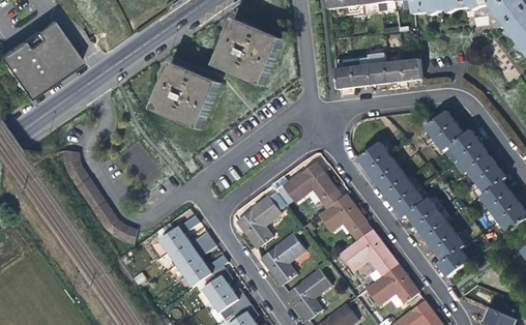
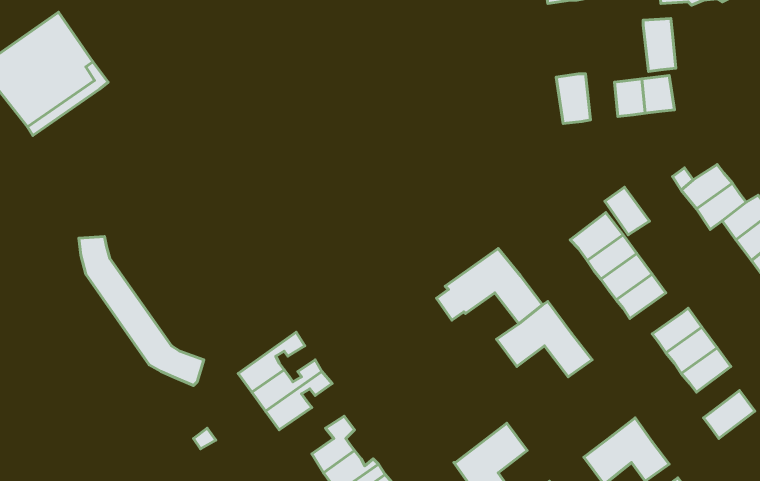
building: [213,21,281,88] -> none
building: [370,53,389,85] -> [643,18,676,72]
building: [334,59,356,89] -> none
building: [151,65,218,131] -> none
building: none -> [605,187,649,235]
building: [397,189,428,217] -> none
building: [239,191,289,247] -> none
building: [343,230,400,275] -> none
building: [263,233,308,285] -> none
building: [437,234,467,262] -> none
building: [184,254,228,286] -> none

